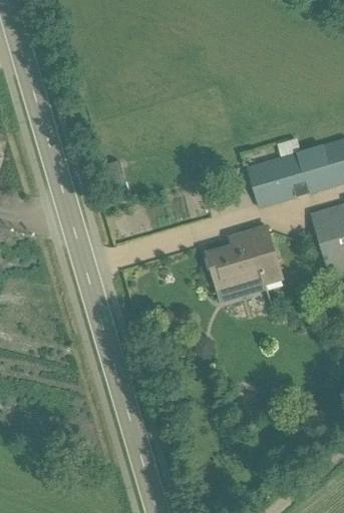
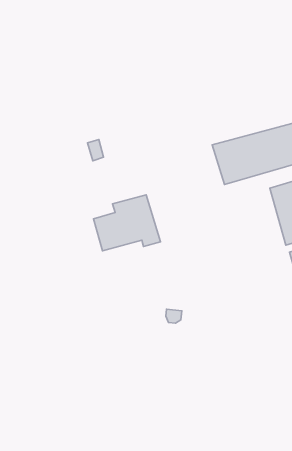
building: [208,226,283,290] -> [94,195,160,251]

